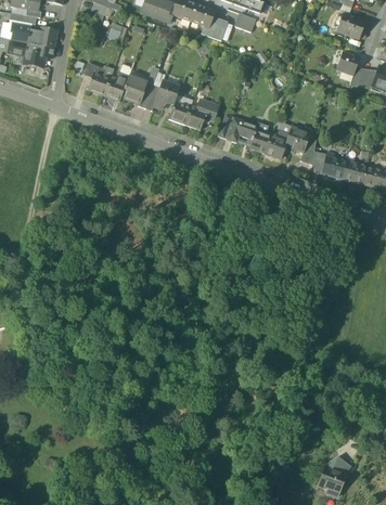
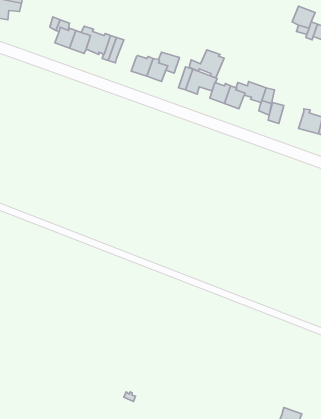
building: [153,80,180,108] -> none
building: none -> [189,50,224,78]
building: [321,151,347,178] -> none

